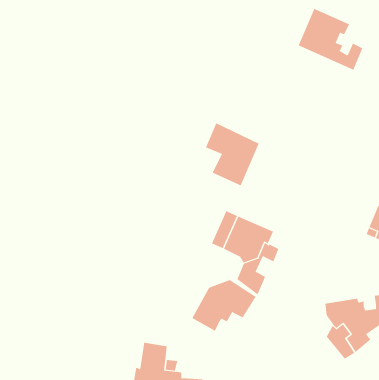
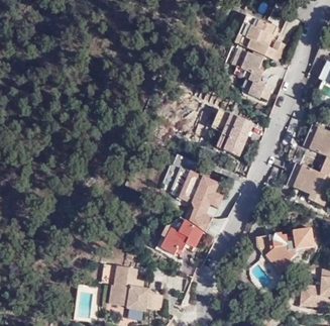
building: none -> [232,46,266,98]
building: [205,122,260,186] -> [211,108,252,156]

